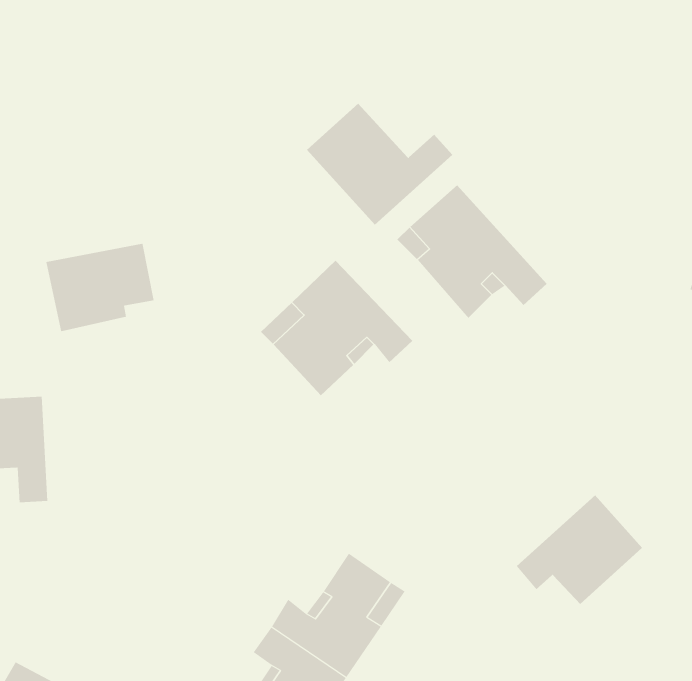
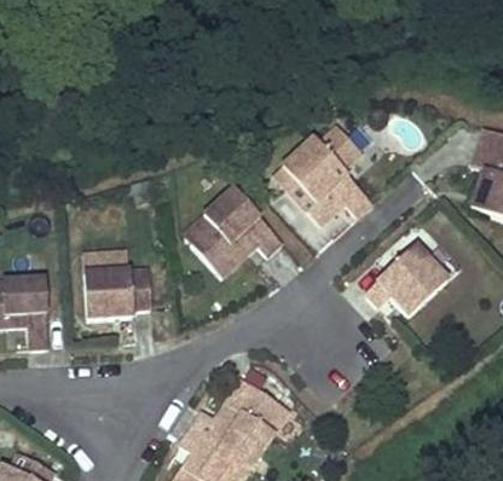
building: [306,103,453,226] -> none
building: [46,243,154,332] -> [79,268,150,326]
building: [516,494,643,605] -> [368,242,451,314]

